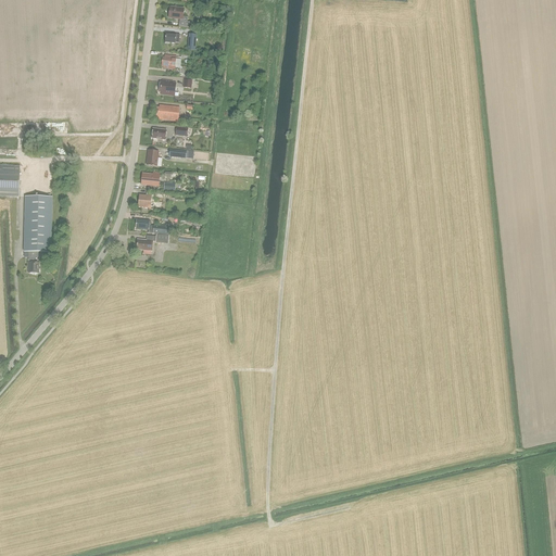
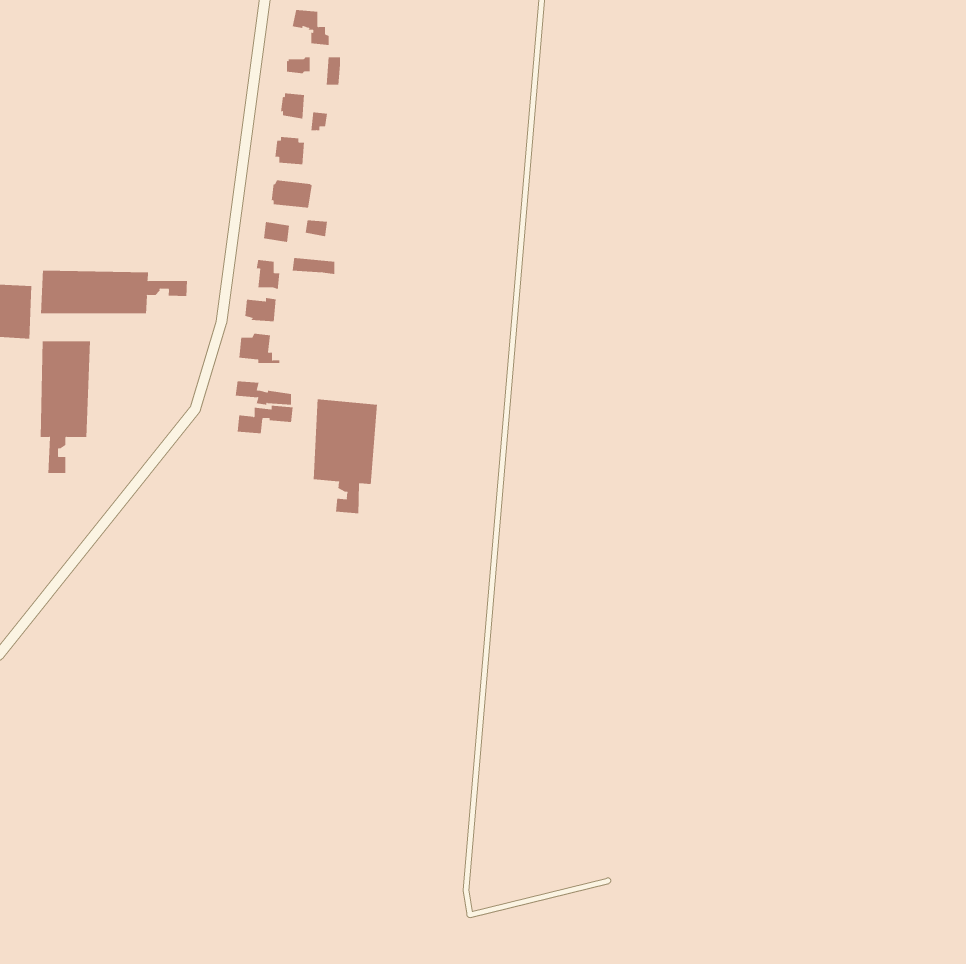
building: none -> [41,270,188,314]
building: none -> [313,399,377,514]

